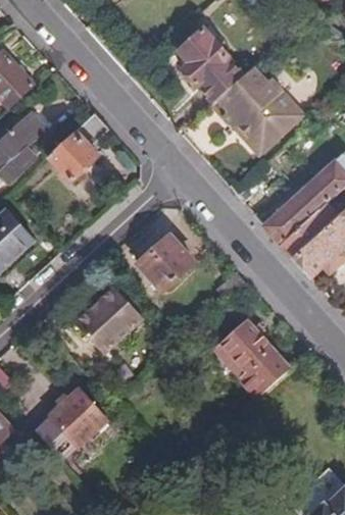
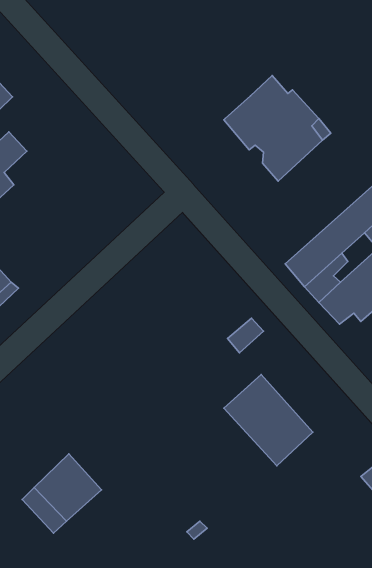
building: [177,30,235,102] -> none
building: [48,112,107,183] -> none
building: [137,235,194,291] -> none
building: [73,286,142,353] -> none

